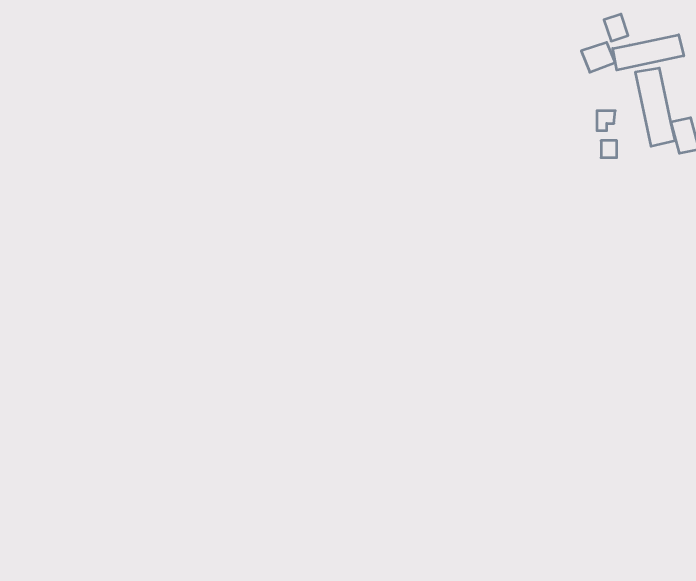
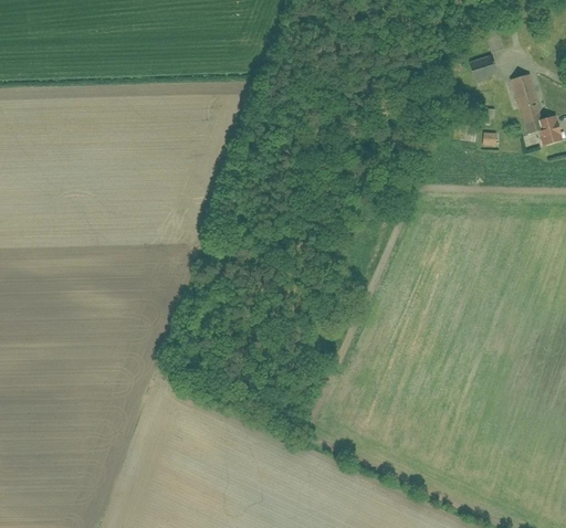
building: [613,35,684,70] -> none

